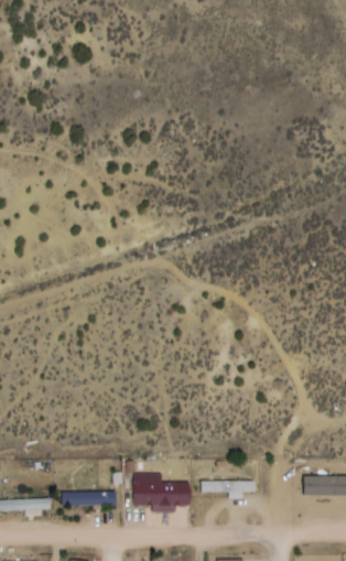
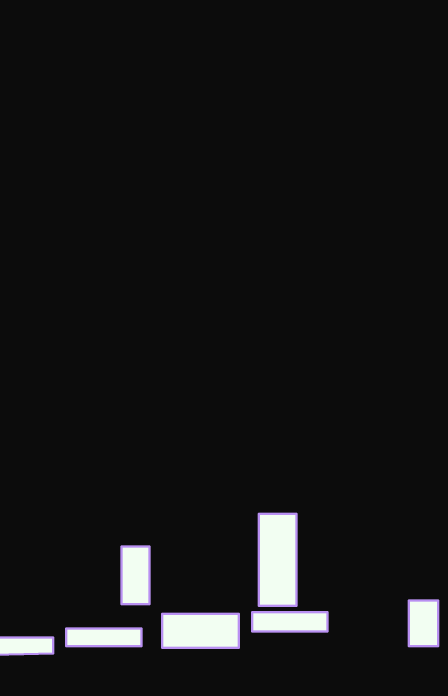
building: none -> [259,514,297,606]
building: none -> [122,546,149,604]

